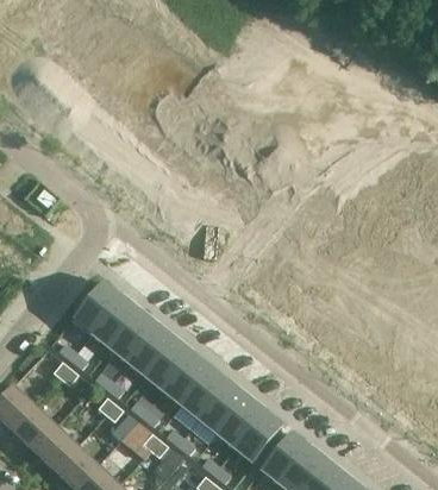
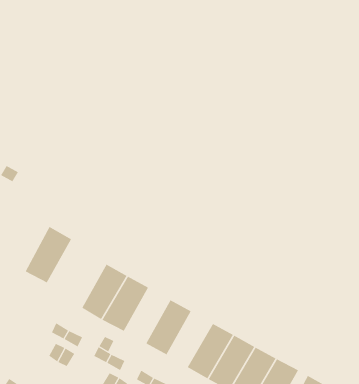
building: [74,282,123,334] -> [25,226,72,283]
building: [129,326,176,377] -> none
building: [164,354,212,406] -> none

